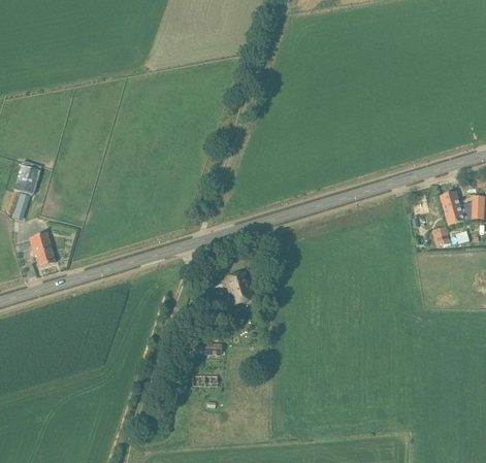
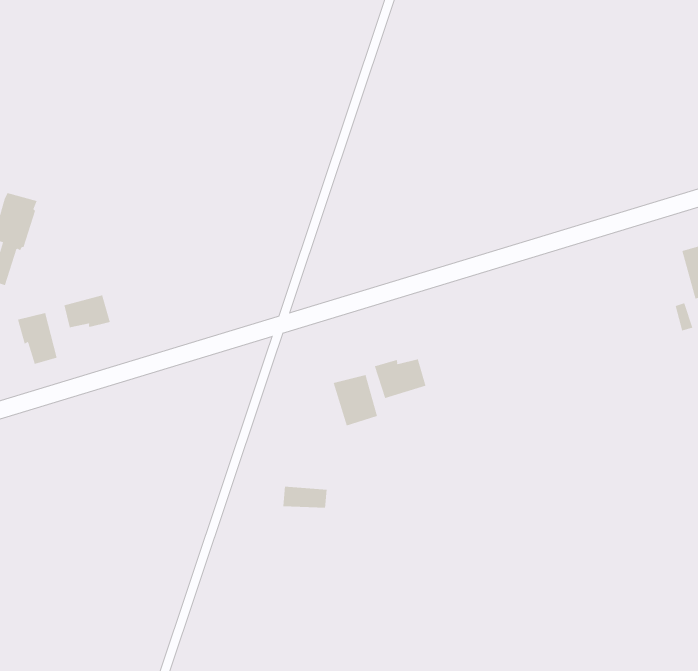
building: none -> [64,295,110,328]
building: none -> [374,358,426,399]

